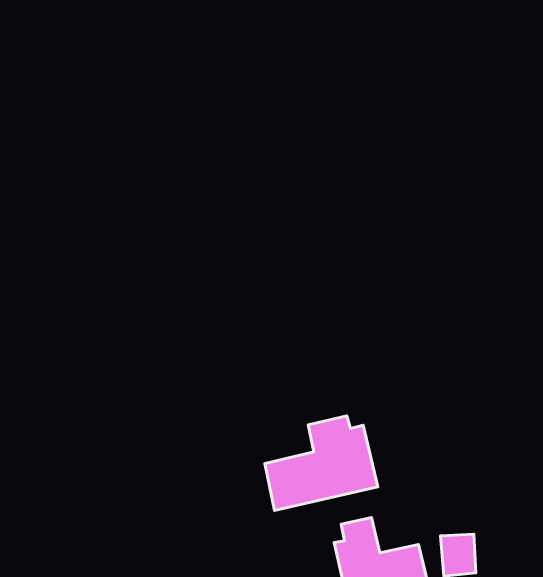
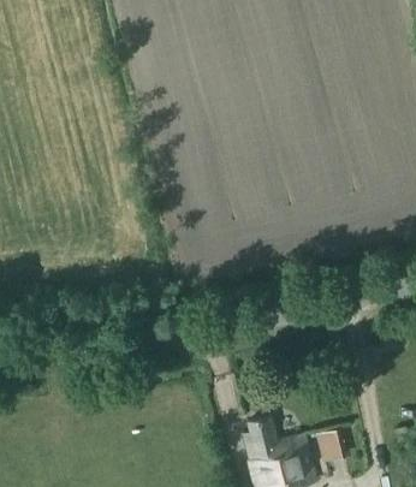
building: [265,416,378,511] -> none

